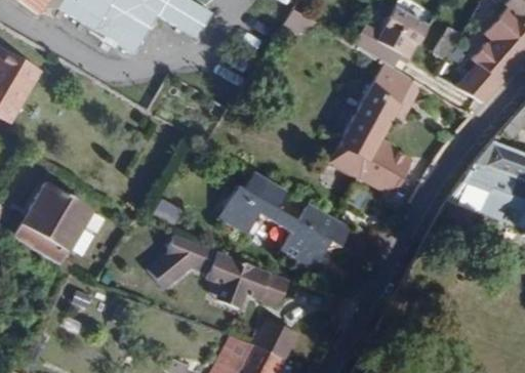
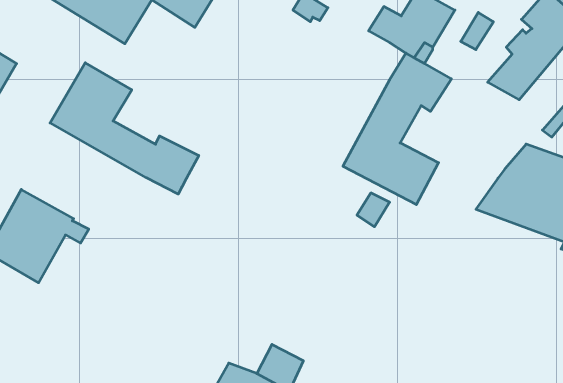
building: none -> [50,63,199,194]
building: [217,172,352,274] -> none
building: [148,239,284,306] -> none

